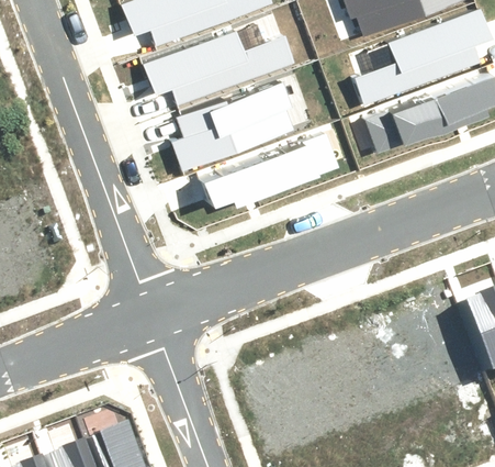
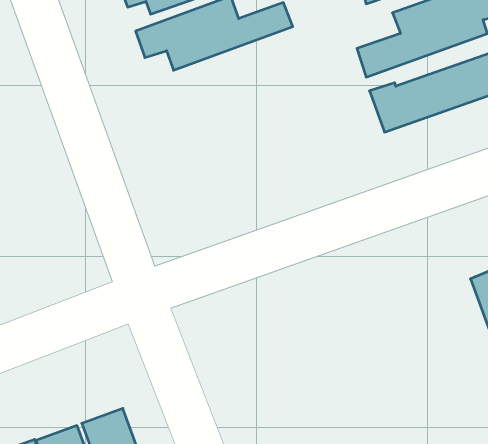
building: [173,76,295,159] -> none
building: [201,131,337,205] -> none

